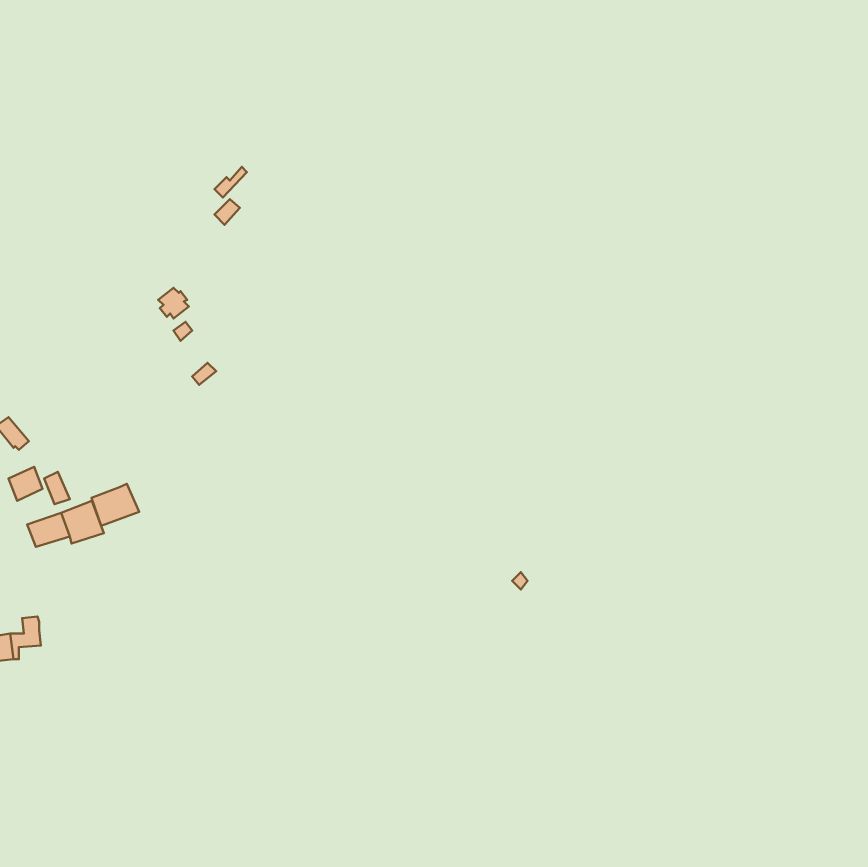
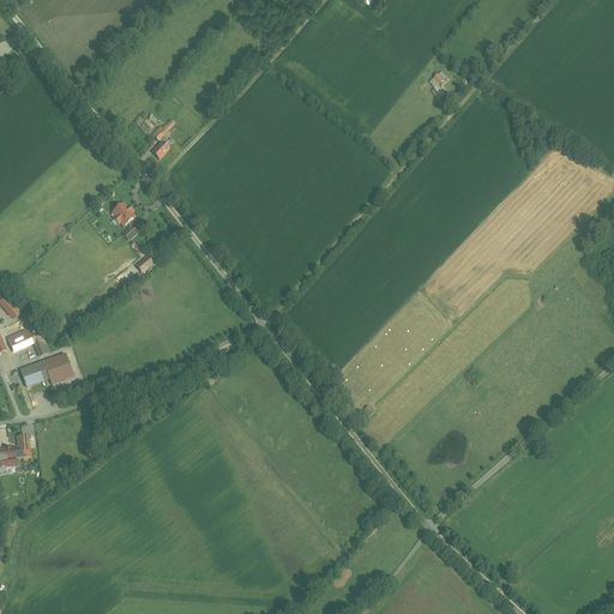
building: [92,484,139,526] -> none

